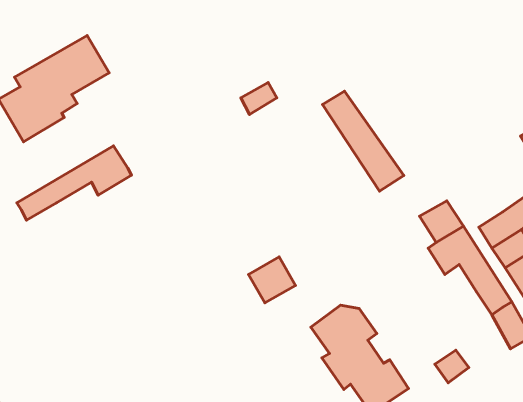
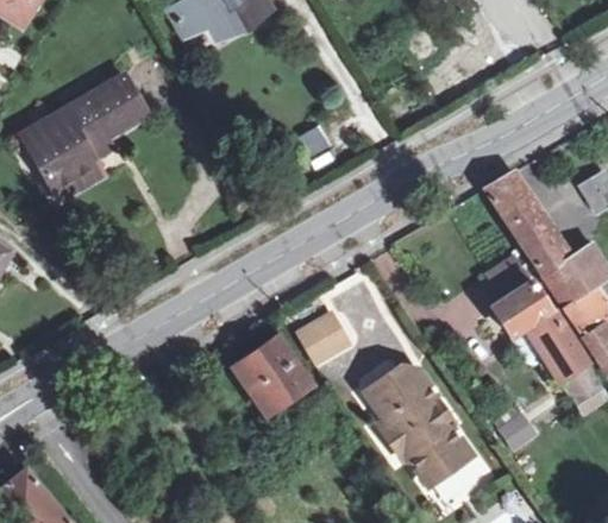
building: [323,91,404,191] -> [487,175,575,283]
building: [17,146,131,220] -> none
building: none -> [230,335,318,421]

